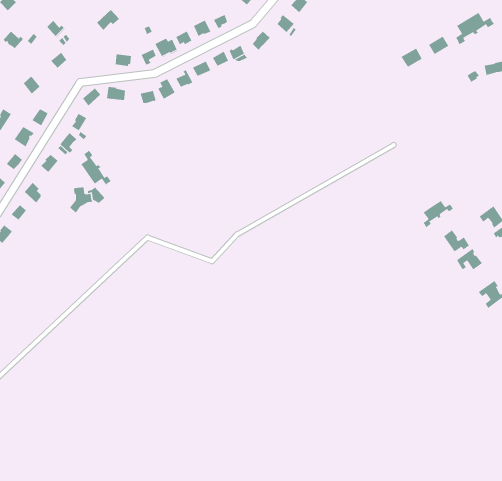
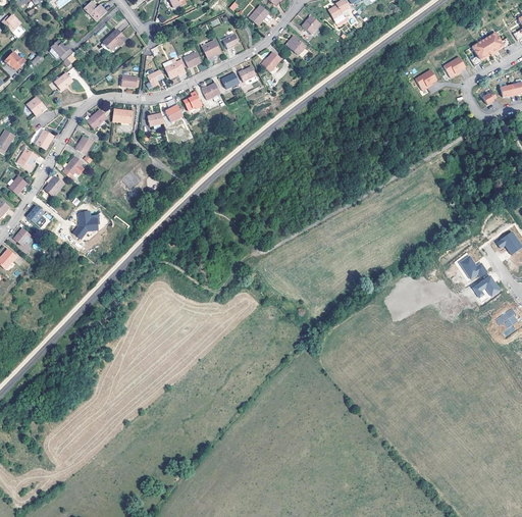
building: [81,150,112,186] -> none
building: [422,200,454,228] -> none

